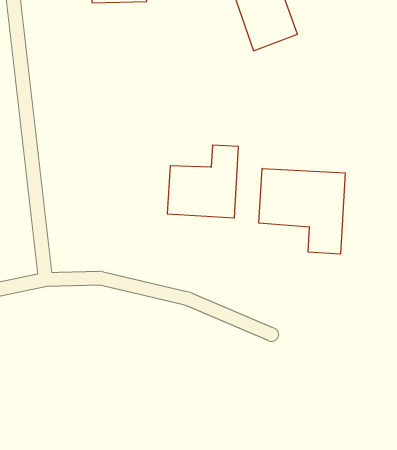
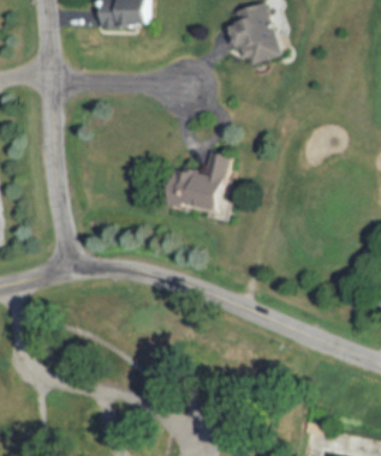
building: [259,168,345,254] -> none

